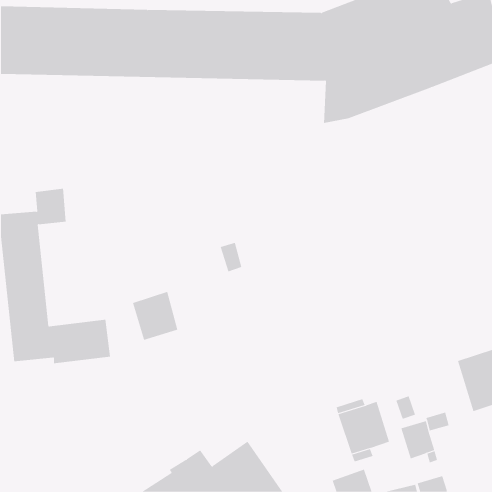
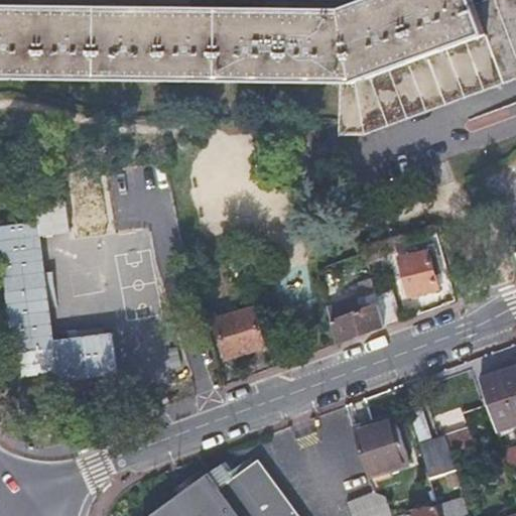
building: none -> [398,251,437,297]
building: none -> [325,278,382,346]
building: [132,291,178,341] -> [214,307,262,359]

